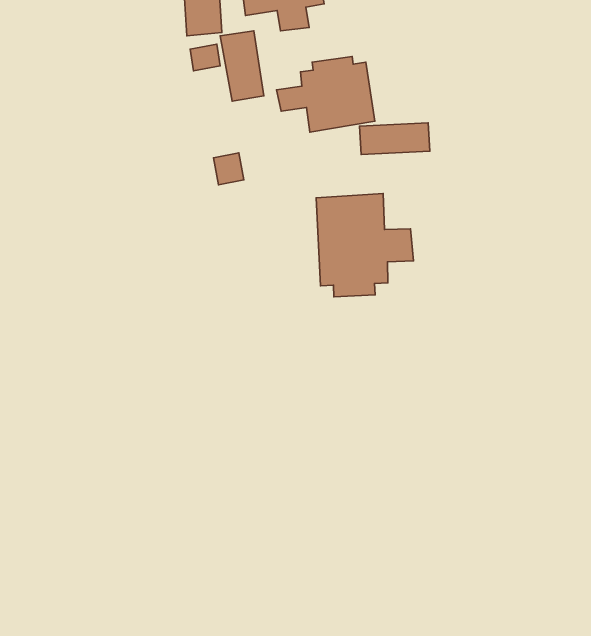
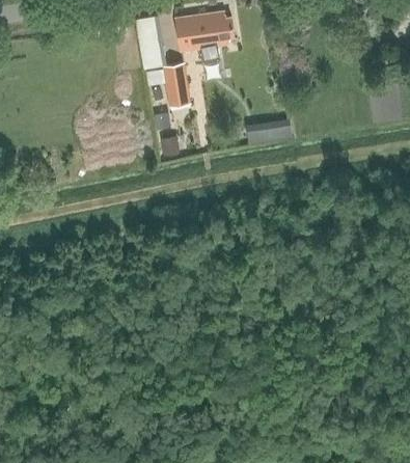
building: [277,56,375,132] -> none
building: [316,193,413,297] -> none

